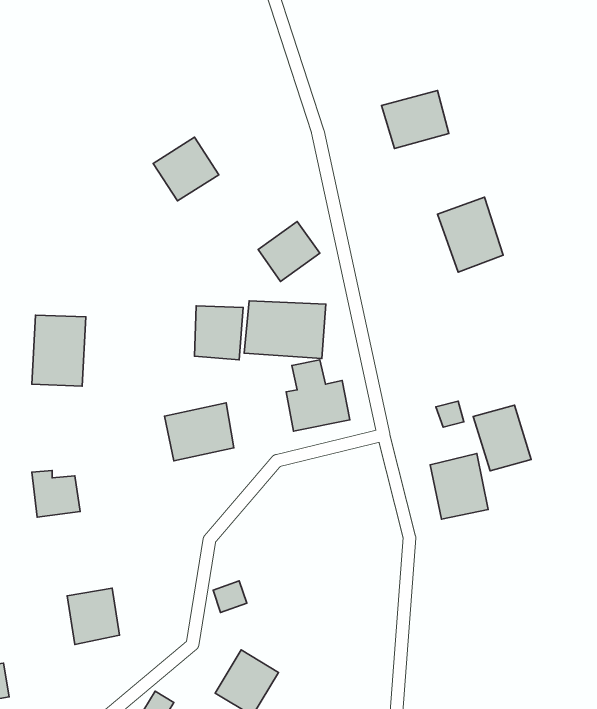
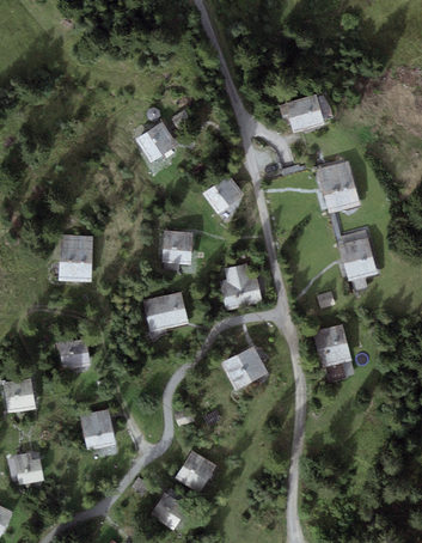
building: [244,301,326,359] -> none
building: [473,405,531,471] -> [340,238,377,280]
building: none -> [220,347,268,389]

